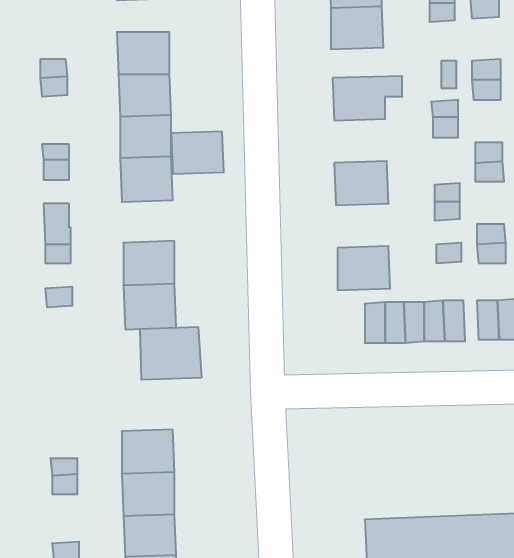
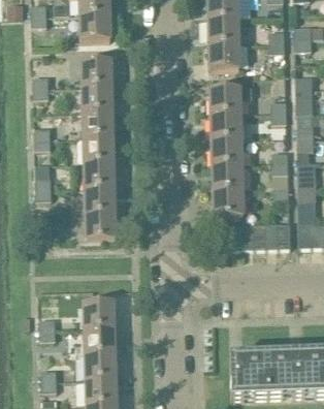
building: none -> [212,111,244,137]
building: [171,132,224,174] -> [83,160,115,186]
building: none -> [213,162,245,189]
building: [140,327,201,380] -> none

